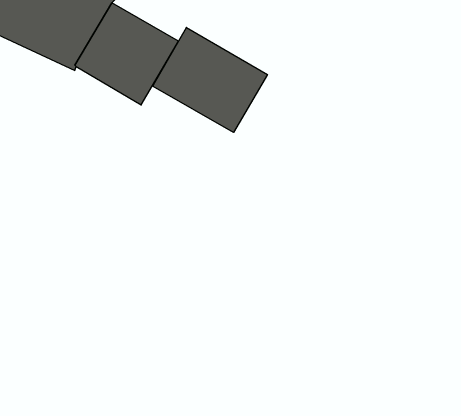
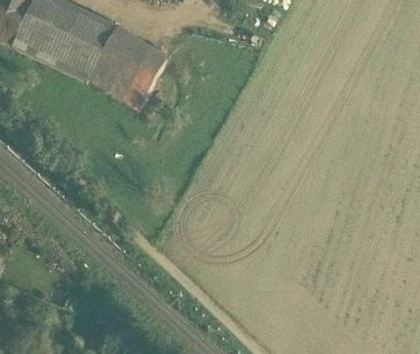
building: [153,27,267,132] -> none

